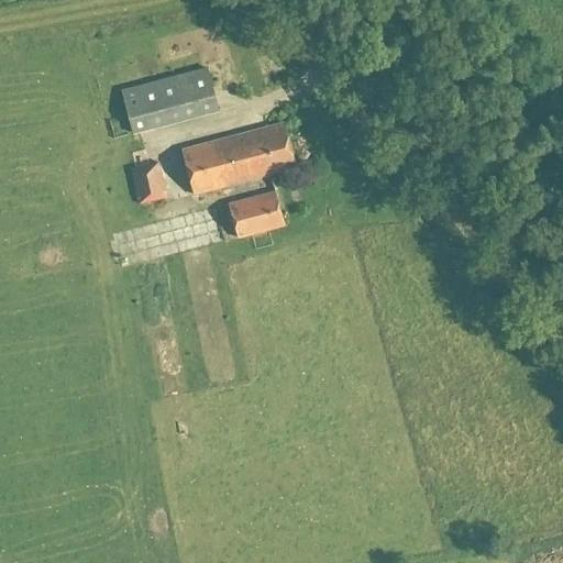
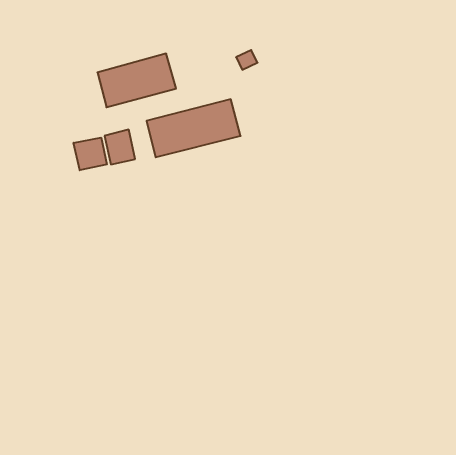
building: none -> [74,138,107,170]
building: [228,190,284,238] -> none

